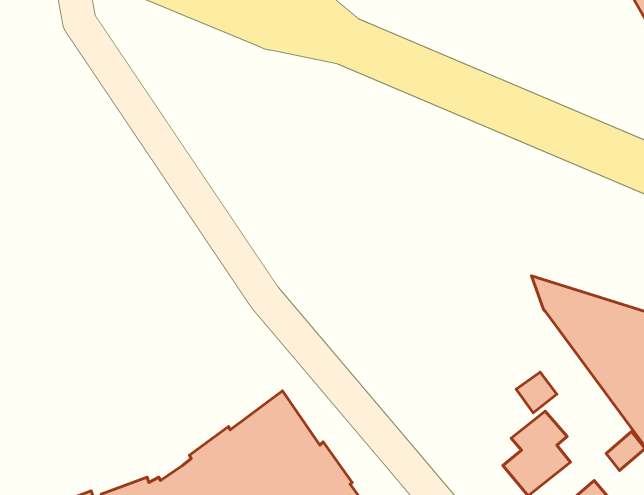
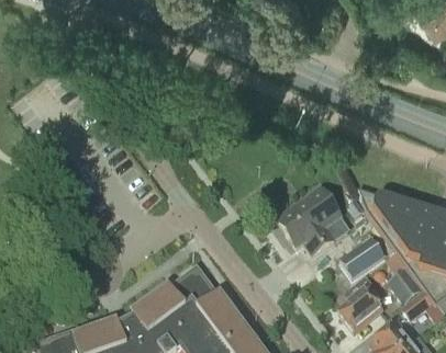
building: none -> [277,191,342,255]
building: none -> [389,271,423,306]

